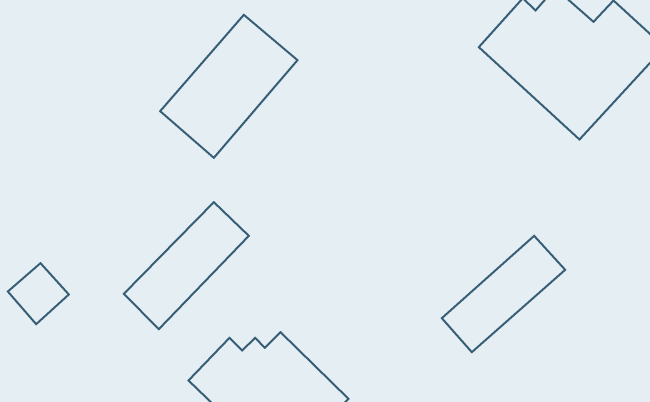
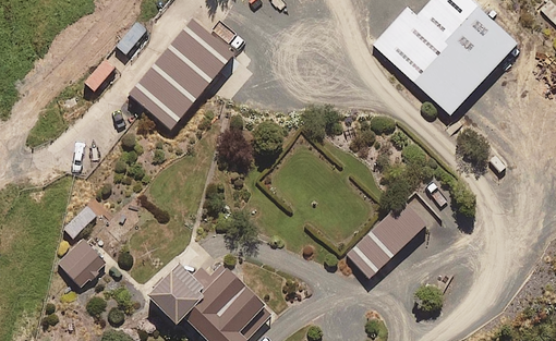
building: [124,202,249,329] -> none
building: [8,263,69,324] -> [57,239,104,285]

